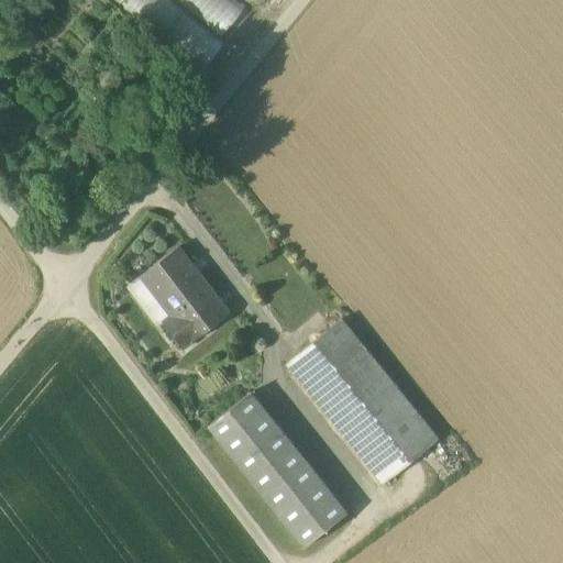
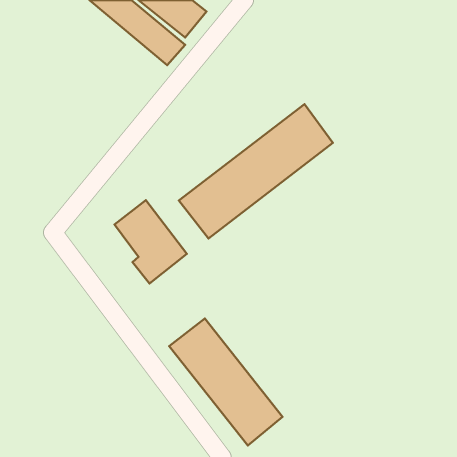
building: none -> [179,104,333,238]
building: [286,319,439,484] -> none

